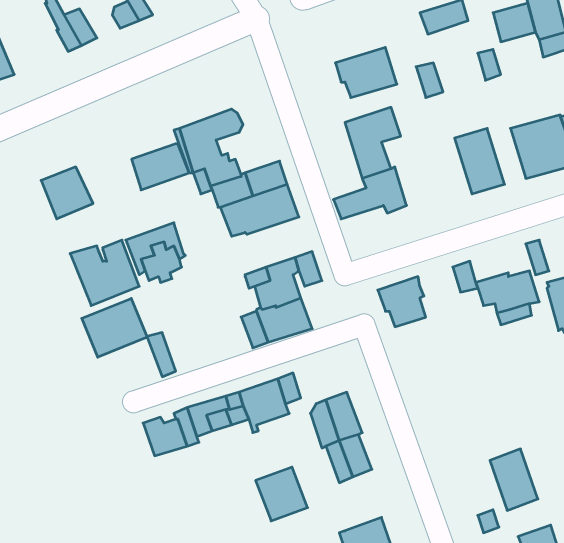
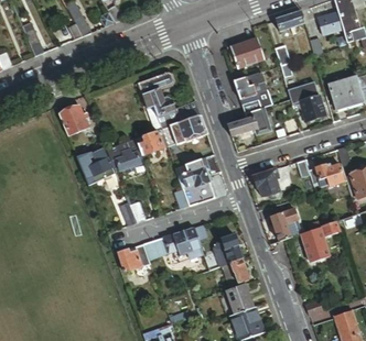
building: [132,144,189,190] -> [136,128,169,154]
building: [82,298,147,357] -> none
building: none -> [270,207,298,239]
building: [490,449,538,510] -> [301,226,329,261]
building: [256,467,308,521] -> [225,282,255,312]

